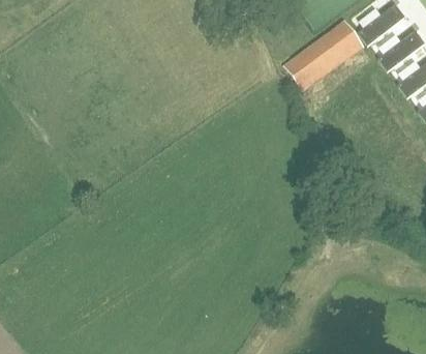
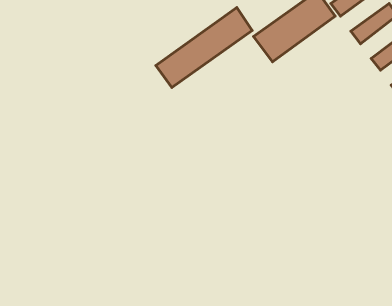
building: none -> [156,7,252,88]

